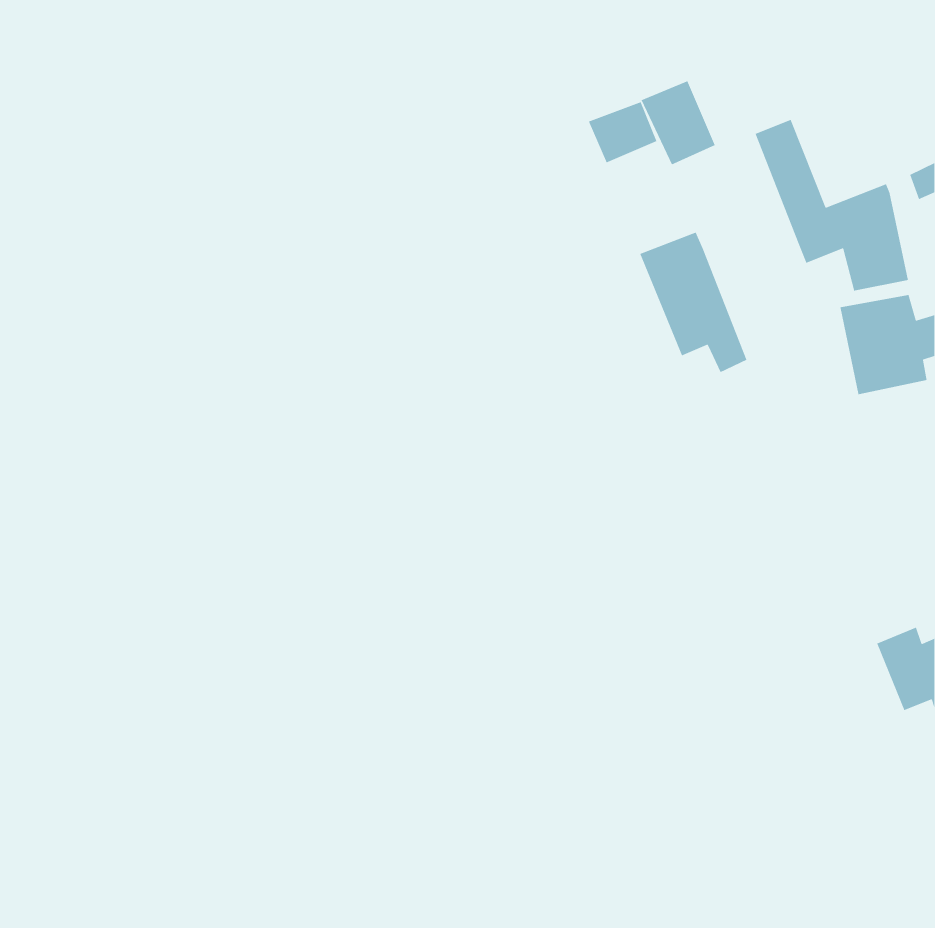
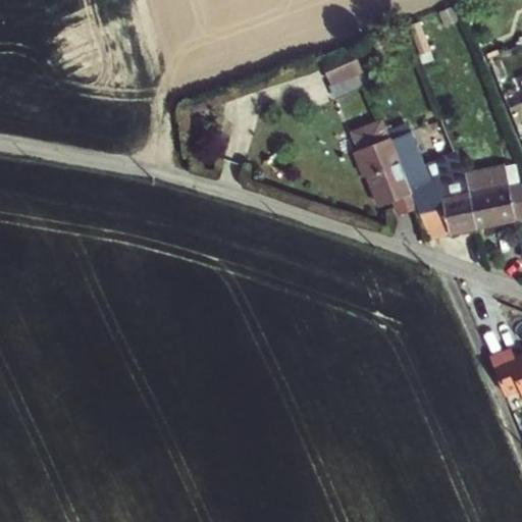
building: [641,80,716,166] -> none
building: [754,119,909,291] -> [390,136,476,231]

